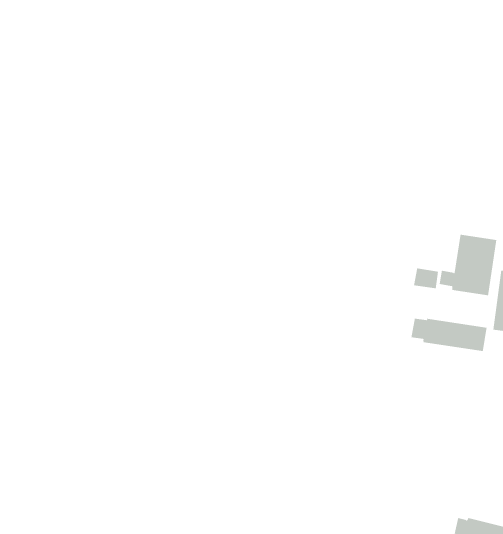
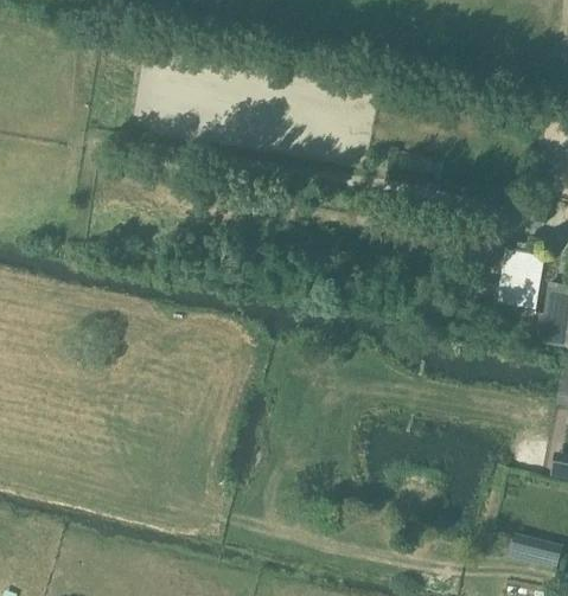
building: [411,318,487,352] -> none

